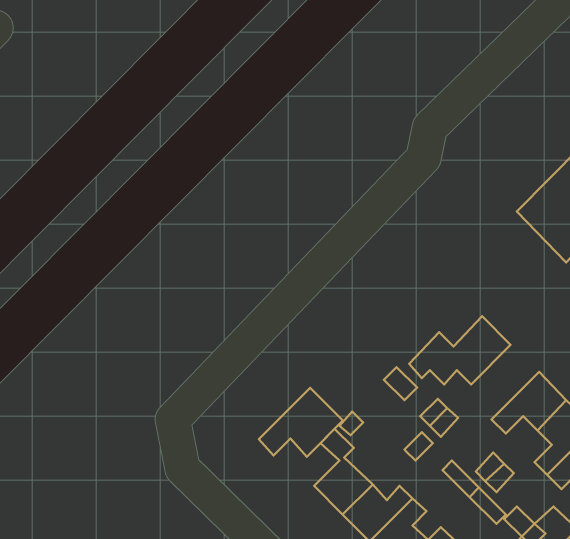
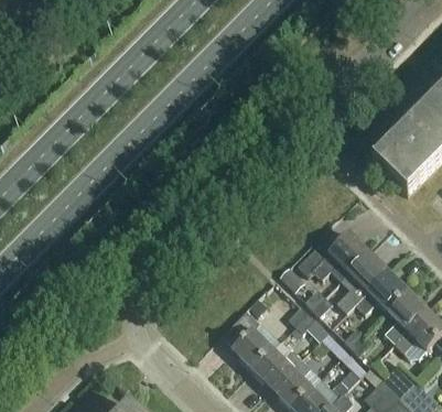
building: none -> [334,249,386,310]
building: [259,388,343,457] -> none

